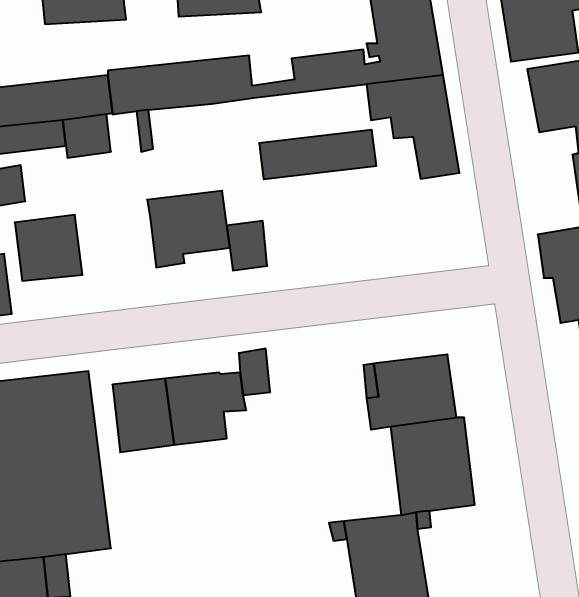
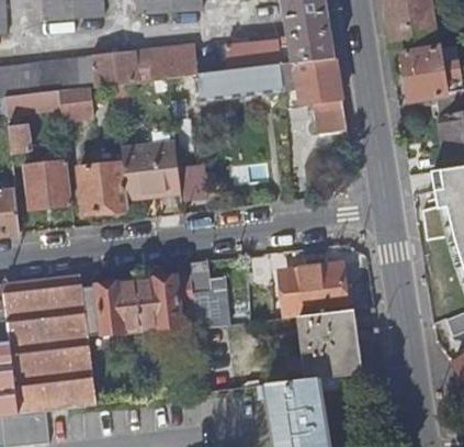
building: [259,130,376,179] -> [199,64,284,100]
building: none -> [79,161,128,213]
building: none -> [191,288,225,326]

